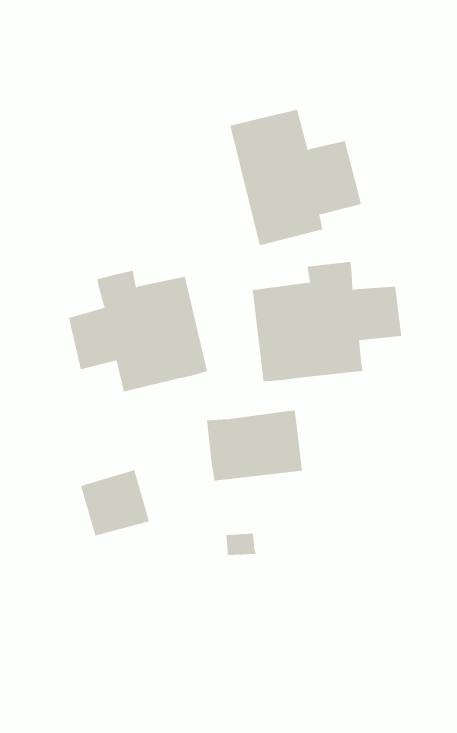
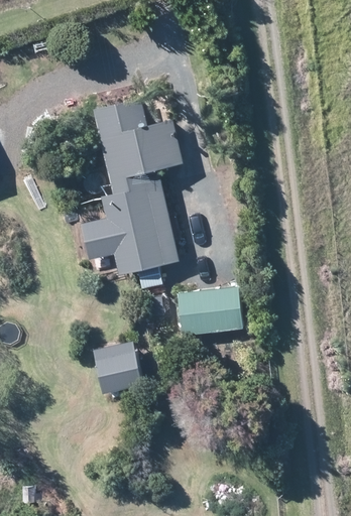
building: [230,109,362,246] -> [93,100,183,192]
building: [252,261,402,382] -> none

